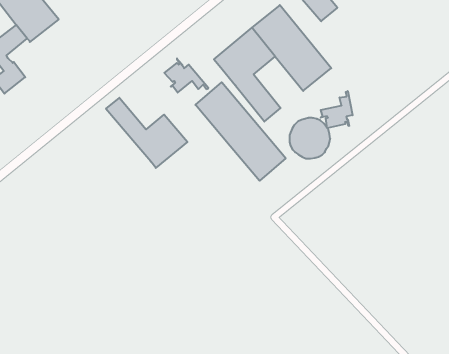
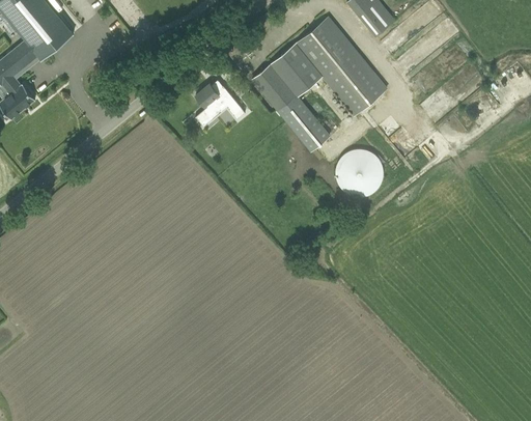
building: [195,82,286,181] -> none
building: [321,91,353,128] -> none
building: [106,98,187,168] -> none

